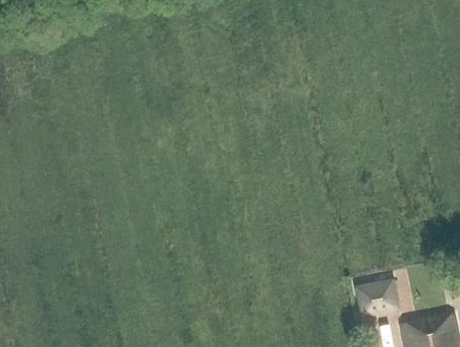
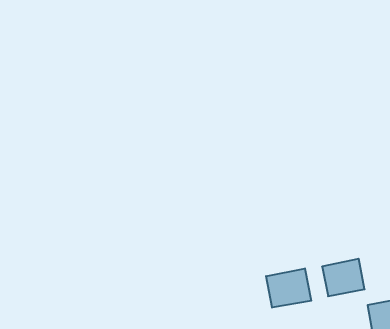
building: none -> [266,268,311,308]

